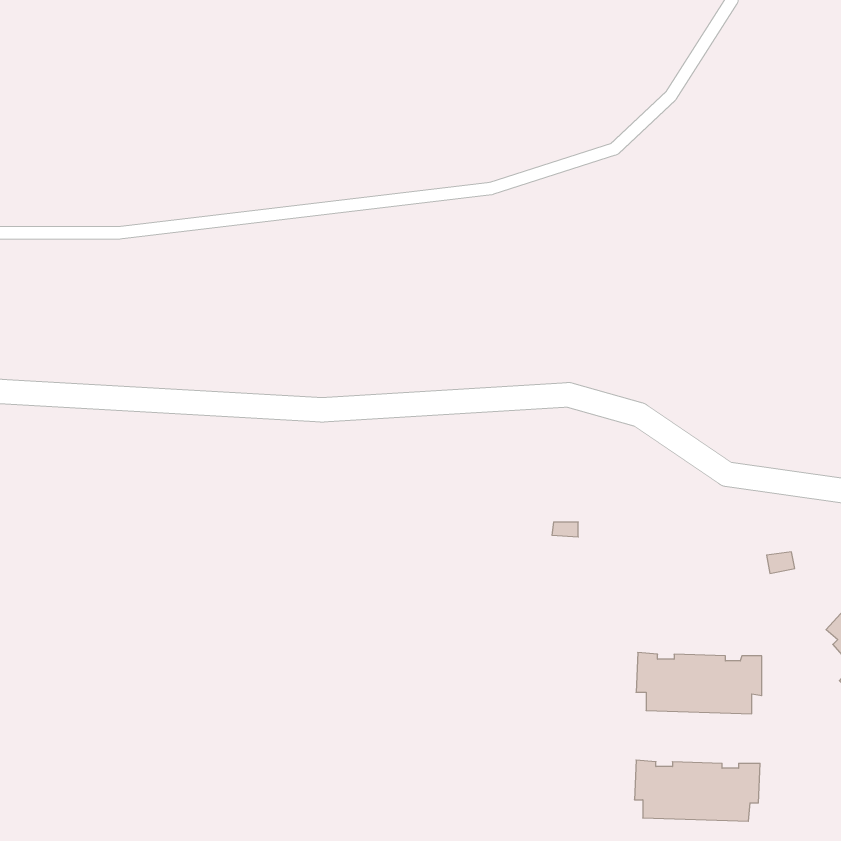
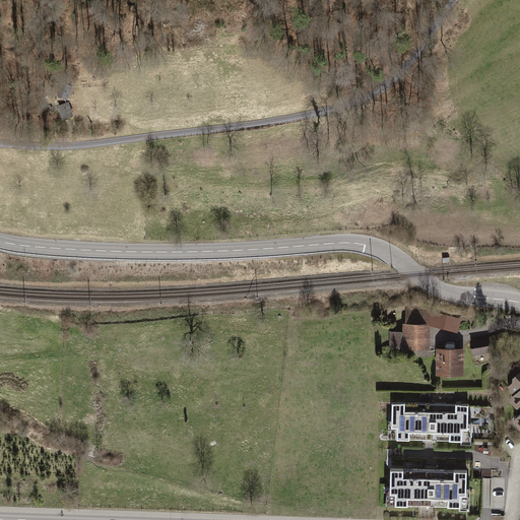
building: none -> [393,310,460,348]
building: none -> [441,343,464,375]

